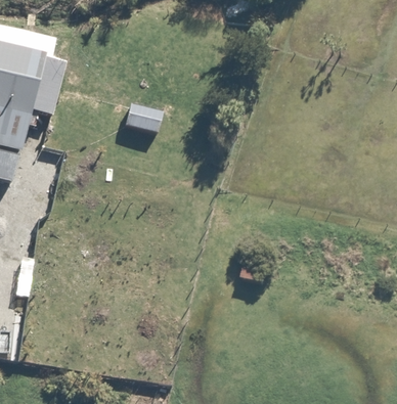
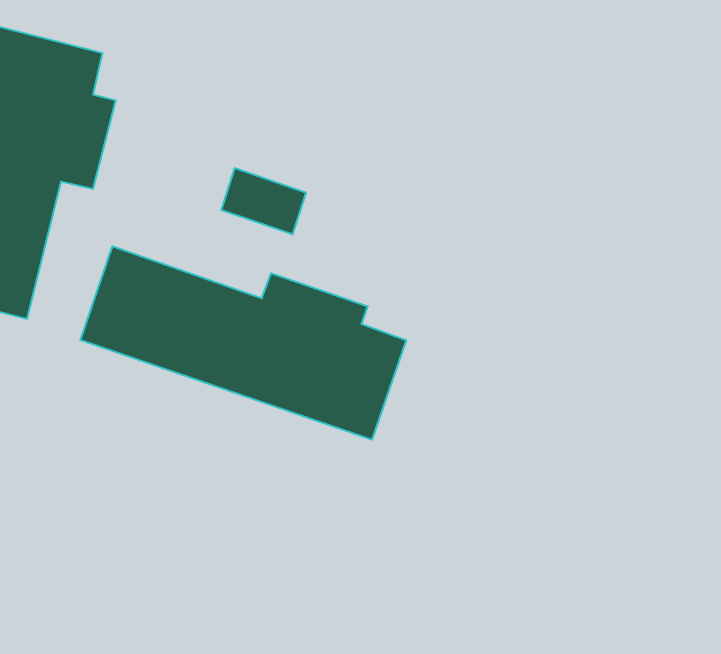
building: none -> [80,246,406,440]

